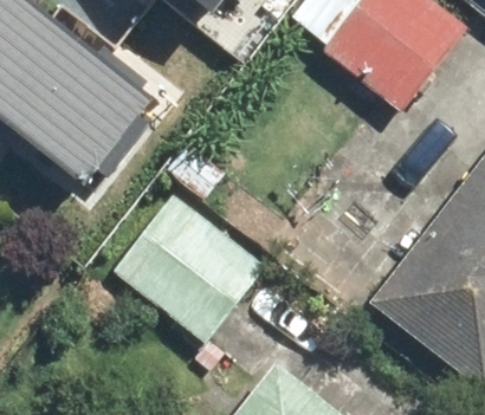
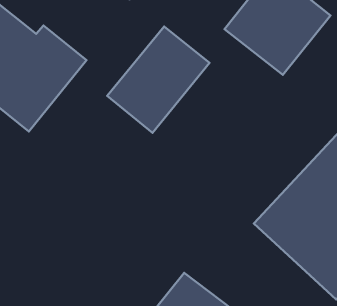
building: none -> [107,26,210,133]
building: [112,190,265,341] -> none

